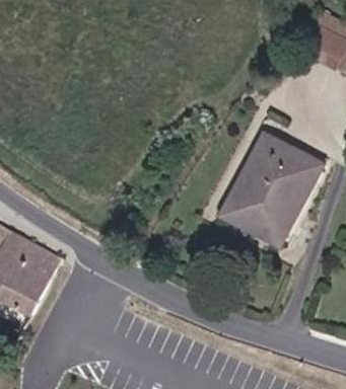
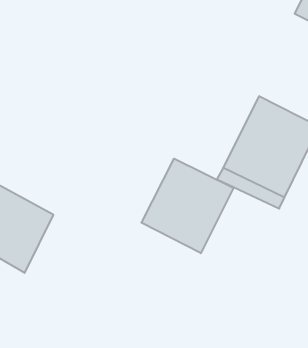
building: none -> [141,159,233,253]

